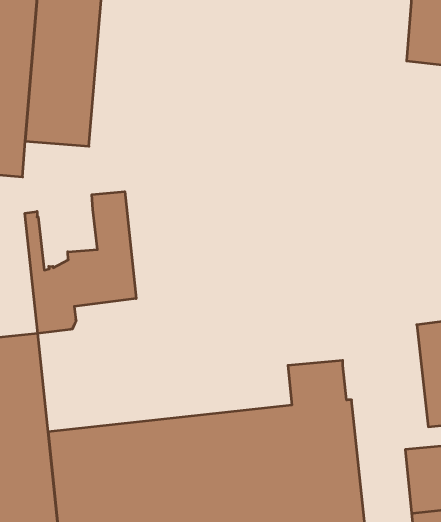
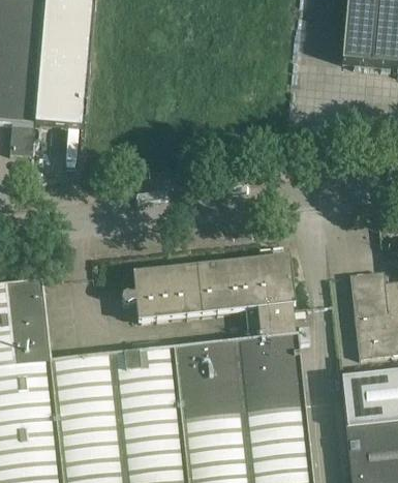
building: [25,192,136,334] -> none
building: none -> [121,256,294,318]

